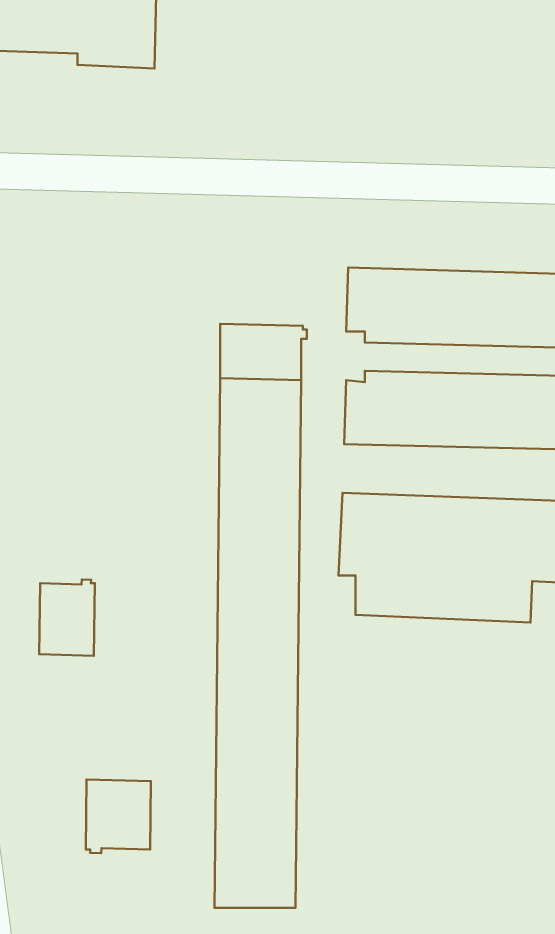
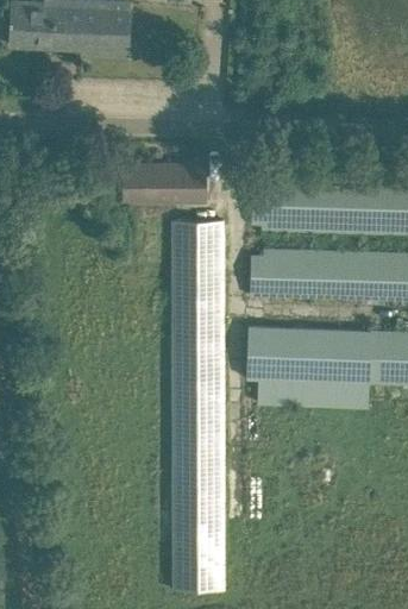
building: none -> [126,164,208,200]
building: [39,580,95,656] -> none
building: [86,779,151,853] -> none

